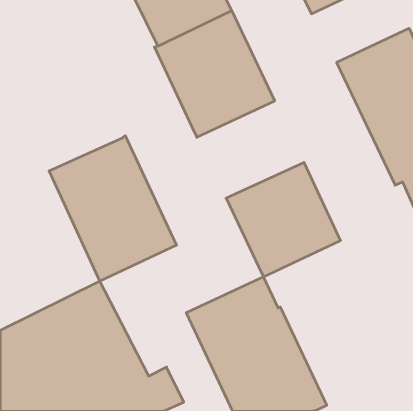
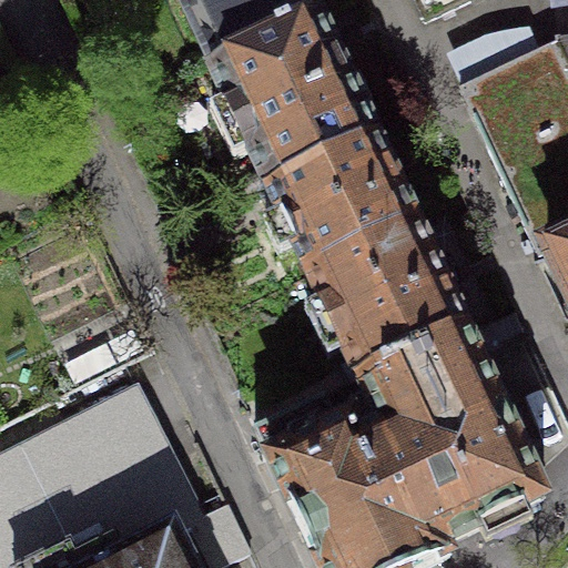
building: none -> [272,138,418,271]
building: [49,136,177,281] -> none
building: none -> [363,328,547,554]

